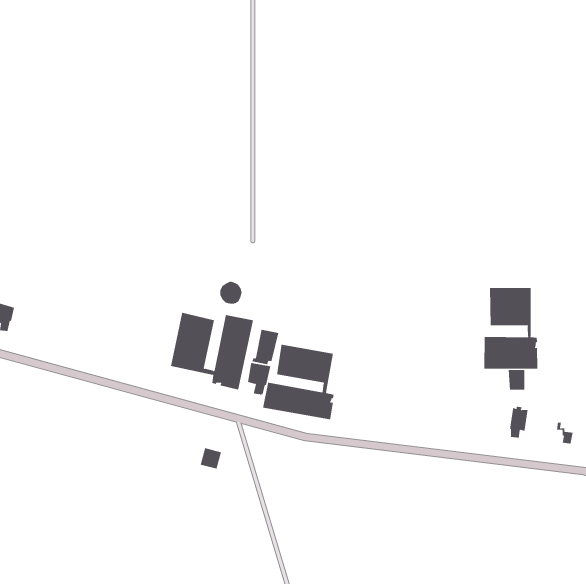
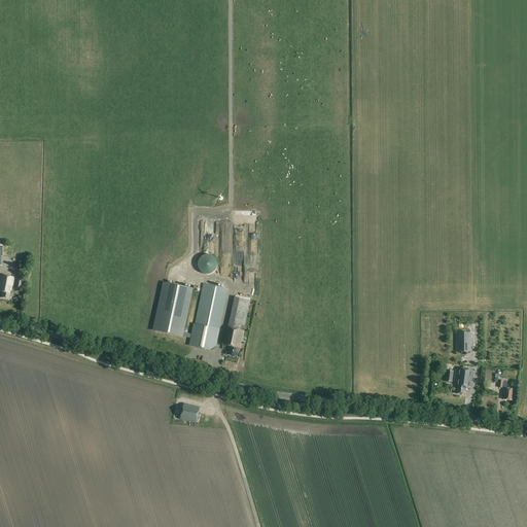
building: [484,287,538,369] -> none
building: [263,344,334,420] -> none

